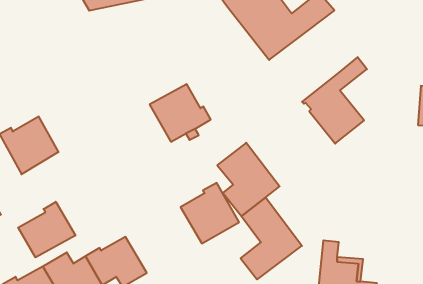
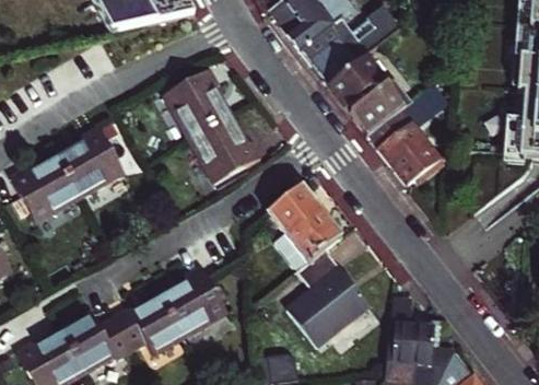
building: none -> [330,63,410,137]
building: none -> [165,69,233,140]
building: none -> [59,125,126,196]
building: [181,183,239,243] -> [161,267,230,338]
building: [18,202,75,257] -> none

